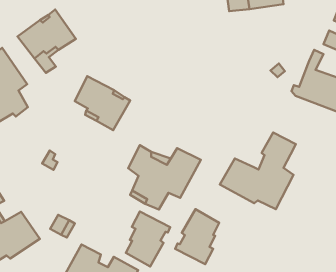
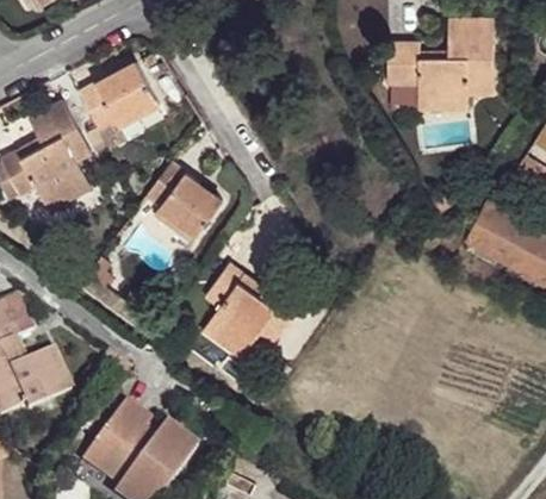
building: [220,132,296,209] -> none
building: [175,209,219,264] -> none
building: [126,212,170,267] -> none

